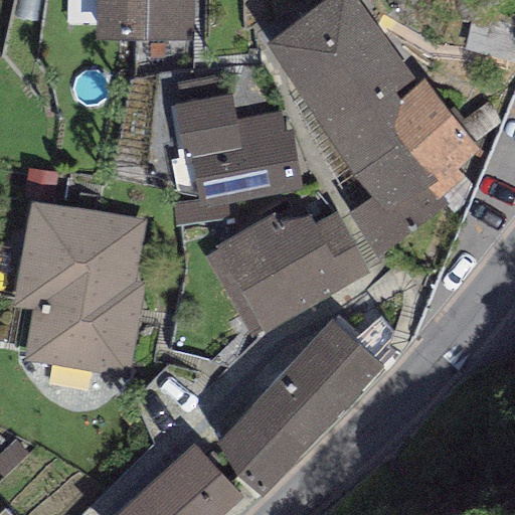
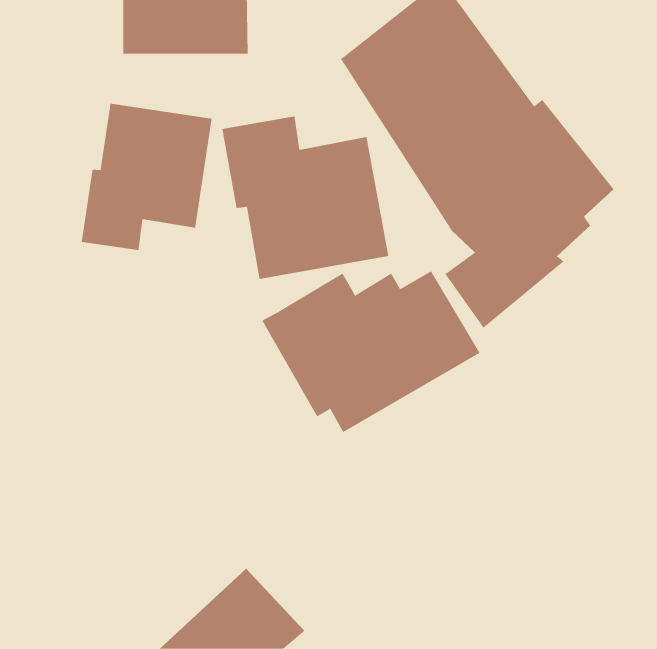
building: none -> [81,103,212,251]
building: [14,202,145,373] -> none
building: [212,321,382,494] -> none

